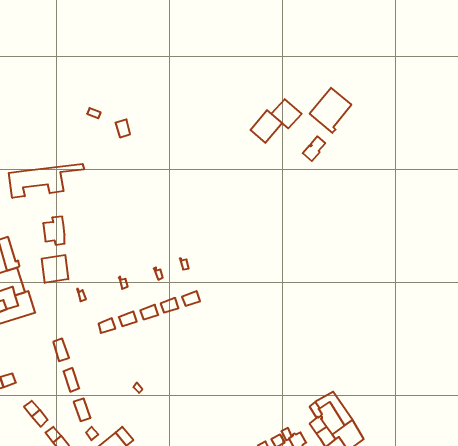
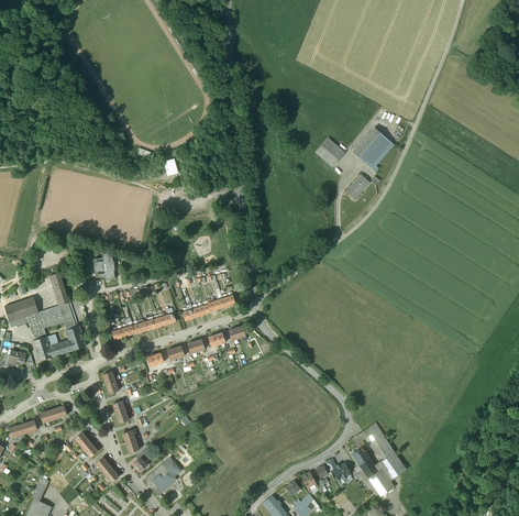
building: [250,110,282,143] -> none
building: [9,164,84,198] -> none
building: [42,255,68,283] -> none

